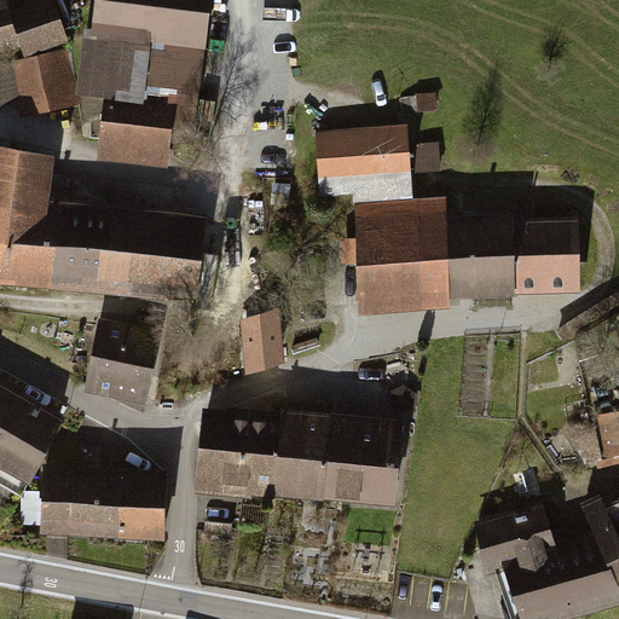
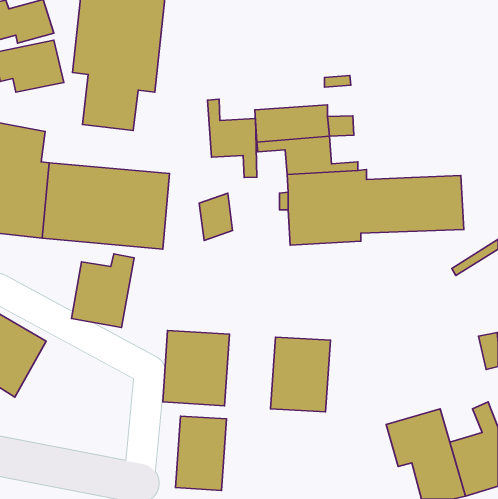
building: none -> [208,99,257,178]
building: [241,313,282,371] -> [199,193,233,240]
building: [277,412,340,504] -> [176,416,227,491]
building: [41,464,166,543] -> none

